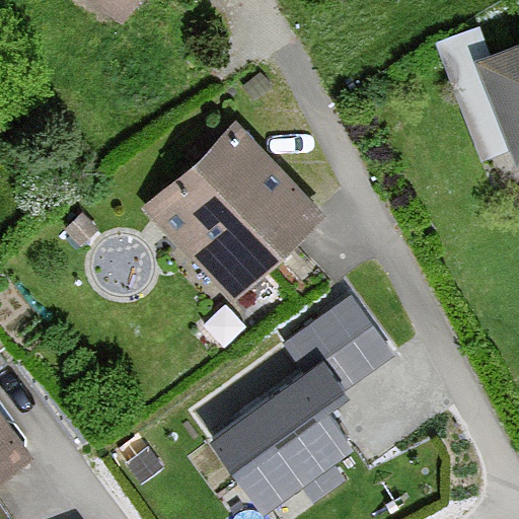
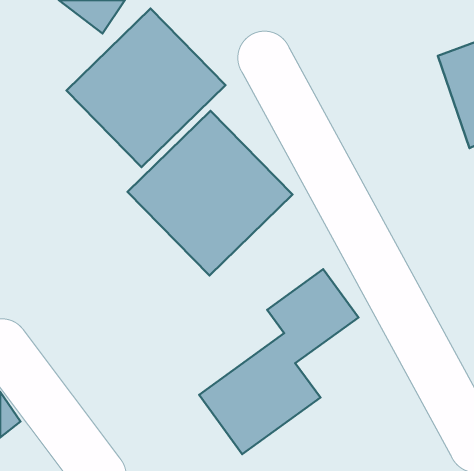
building: none -> [67,9,225,167]

